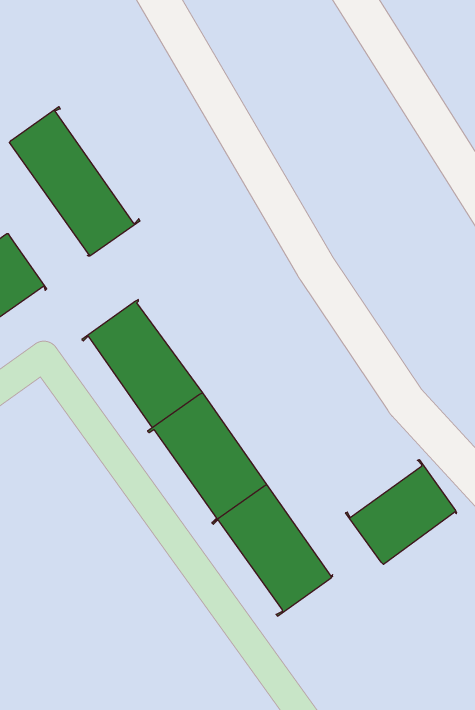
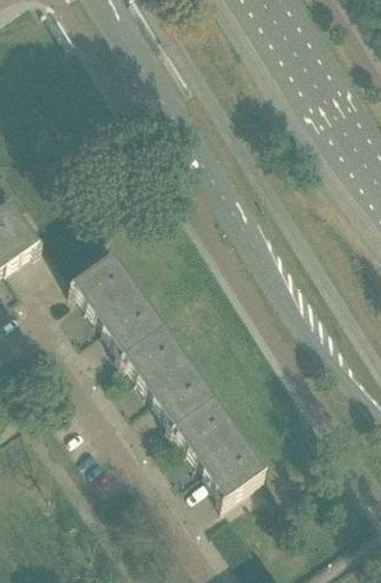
building: [9,107,140,256] -> none
building: [346,460,456,564] -> none

